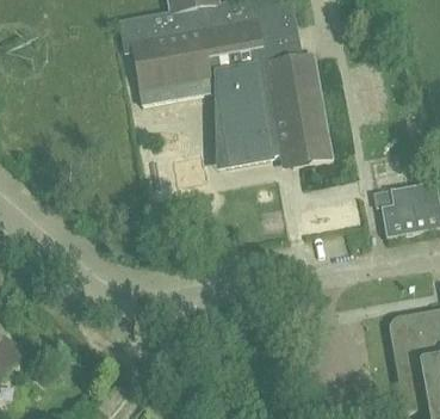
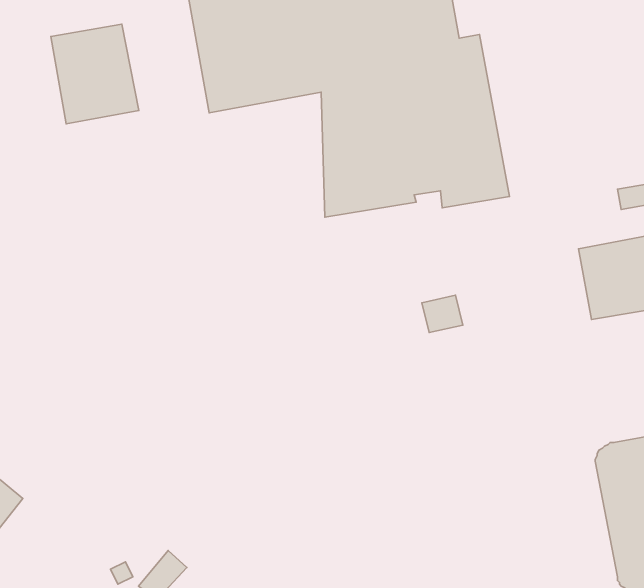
building: none -> [51,24,139,124]

